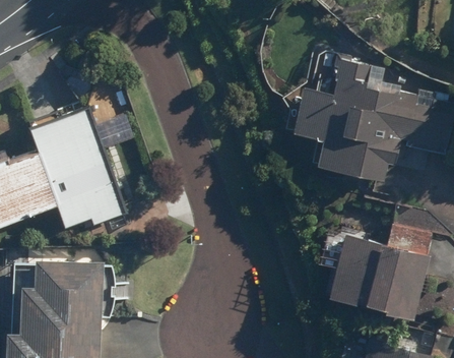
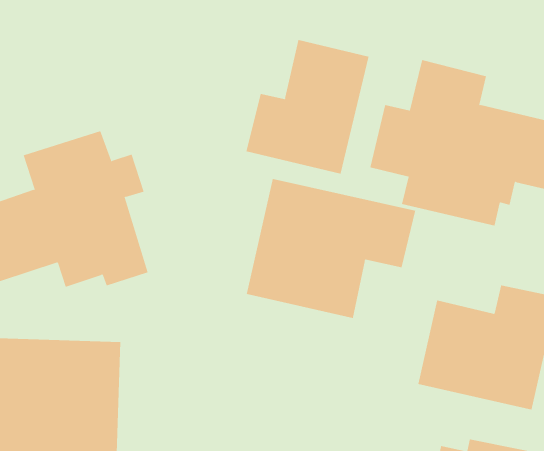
building: none -> [246,39,369,174]
building: none -> [246,178,416,319]

